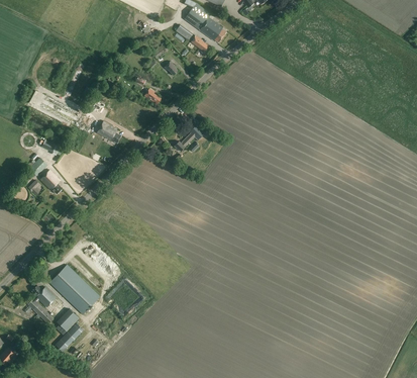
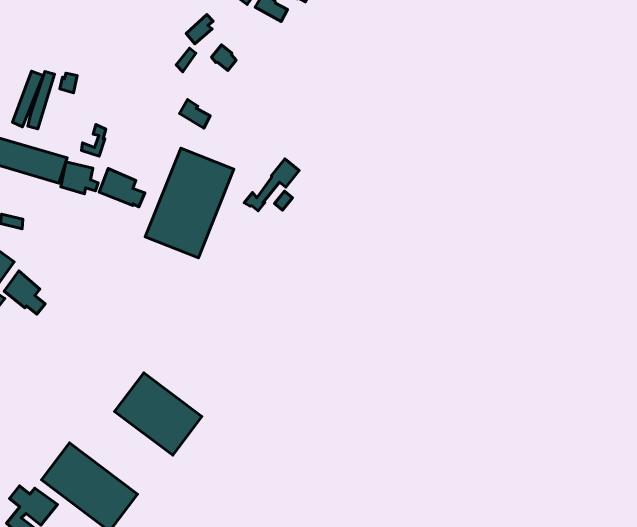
building: none -> [145,148,234,258]
building: none -> [115,373,202,455]

